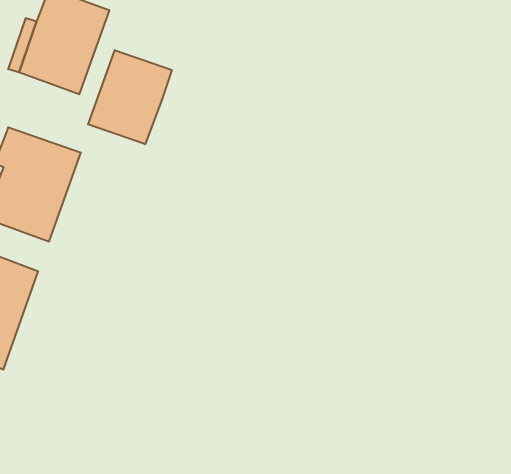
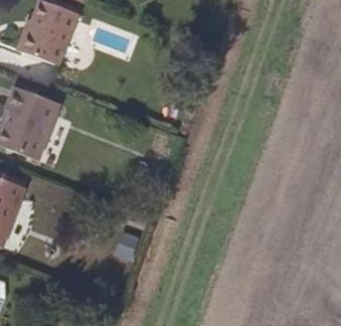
building: [88,50,172,144] -> none

